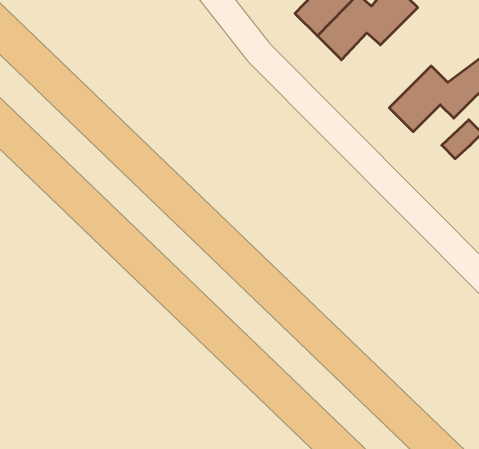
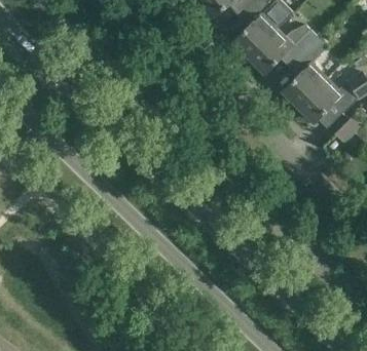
building: none -> [282,39,326,108]

